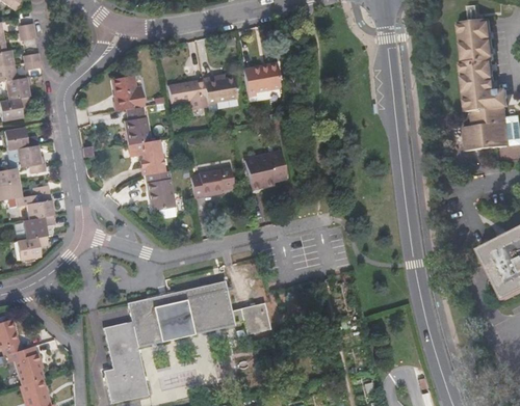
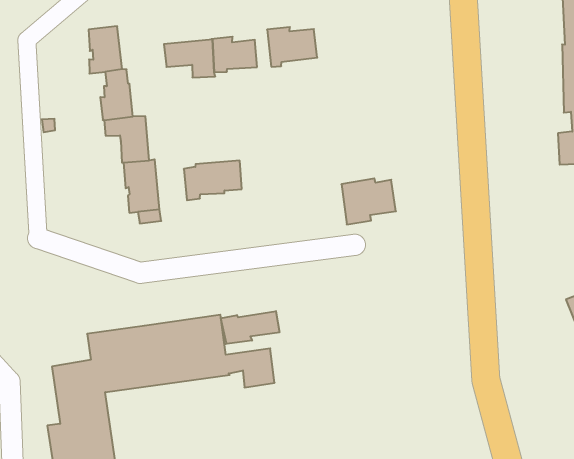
building: [245,154,287,189] -> [341,178,396,224]
building: none -> [221,311,279,344]

